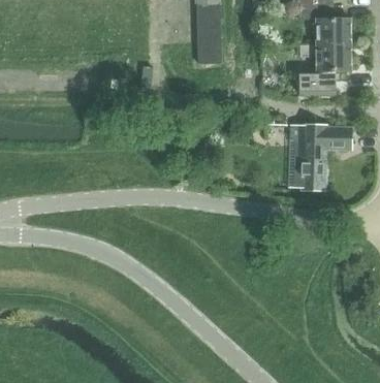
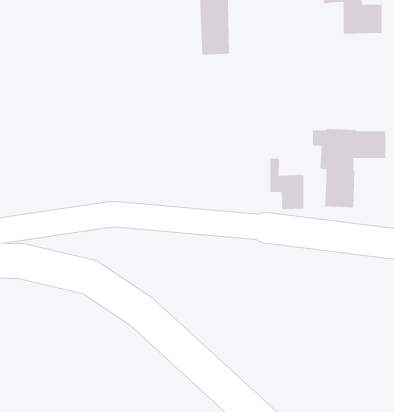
building: [299,44,349,95] -> none
building: none -> [269,158,304,210]

